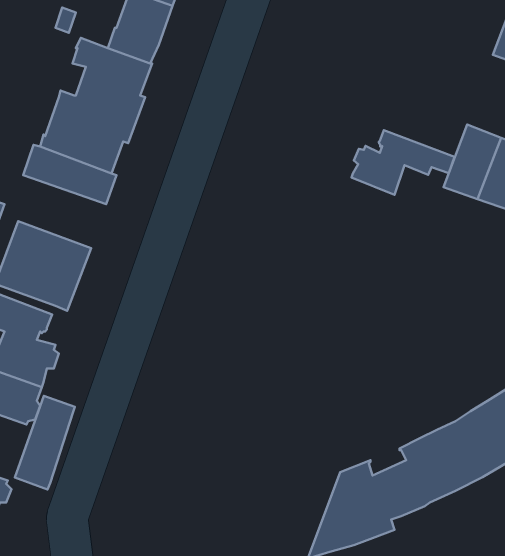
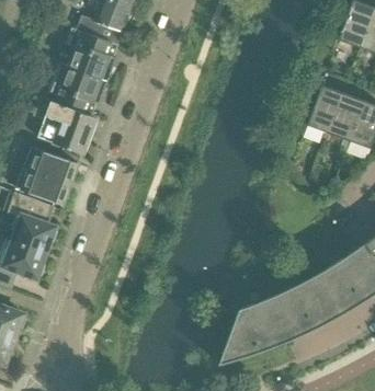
building: [351,130,454,195] -> none
building: none -> [37,120,88,153]
building: [15,396,75,489] -> none

